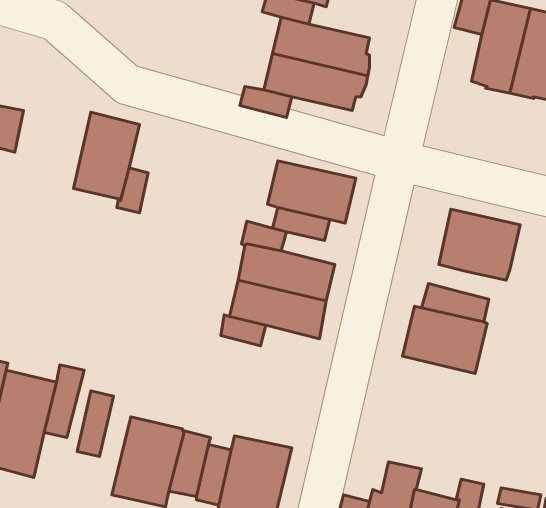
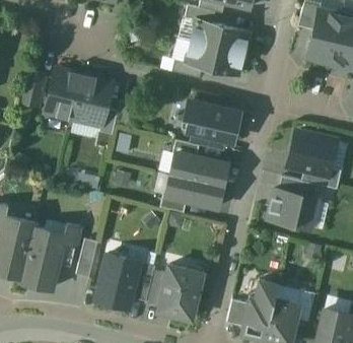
building: none -> [45,68,84,120]
building: none -> [301,167,341,189]

